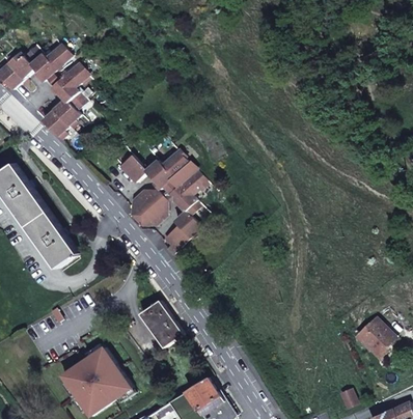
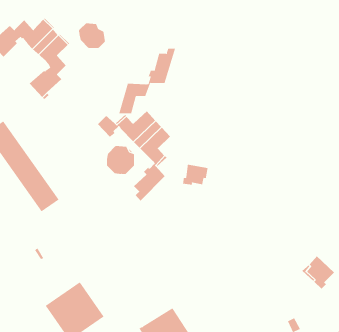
building: none -> [79,22,105,49]
building: none -> [118,48,176,114]
building: none -> [183,164,208,186]
building: [140,301,184,348] -> none

